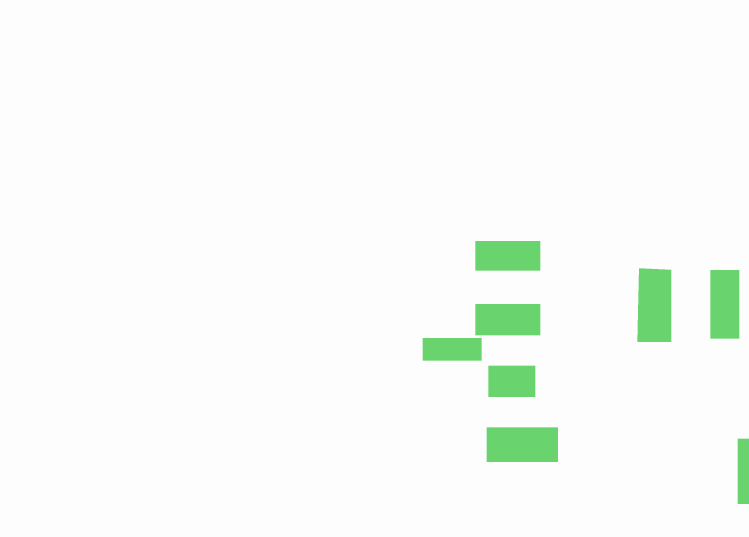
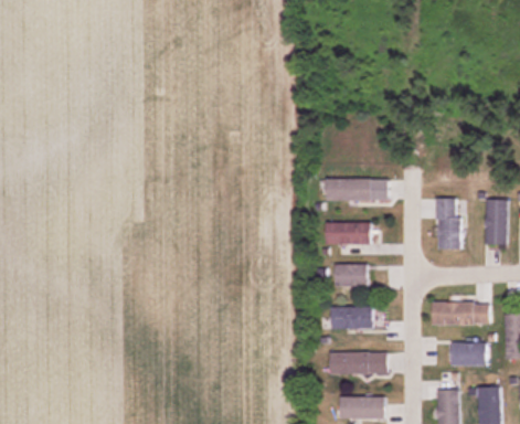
building: [422,337,482,362] -> none
building: none -> [432,304,489,326]
building: none -> [450,343,486,367]
building: none -> [329,352,386,374]

